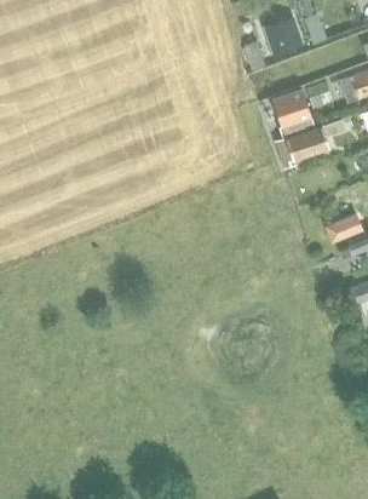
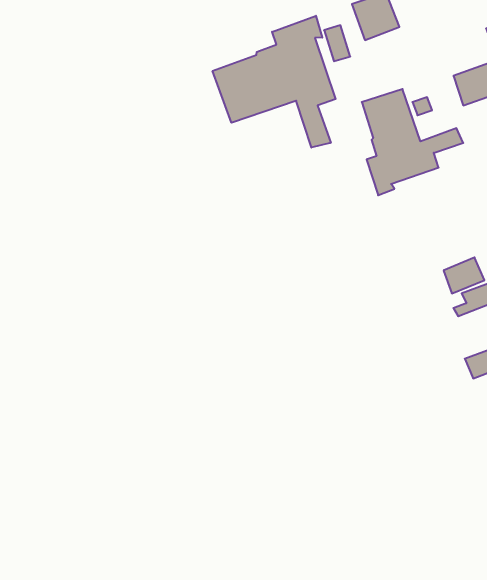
building: none -> [213,16,336,148]

